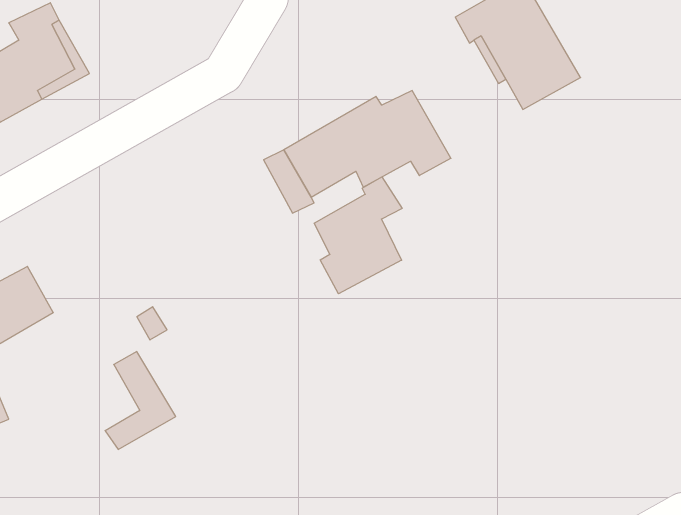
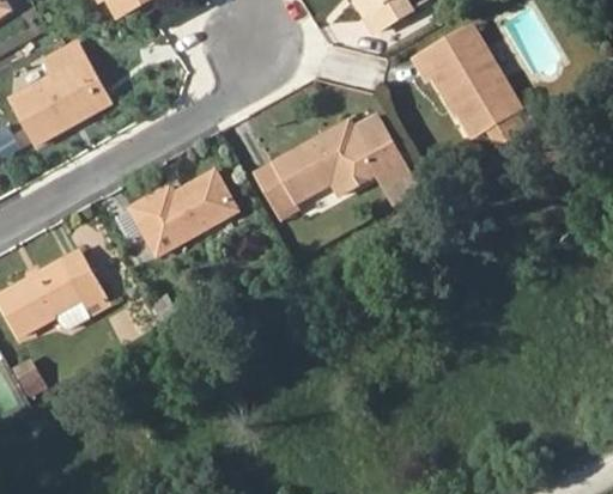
building: none -> [128,171,235,255]
building: [314,177,402,294] -> none
building: [105,352,176,449] -> [51,251,110,333]

